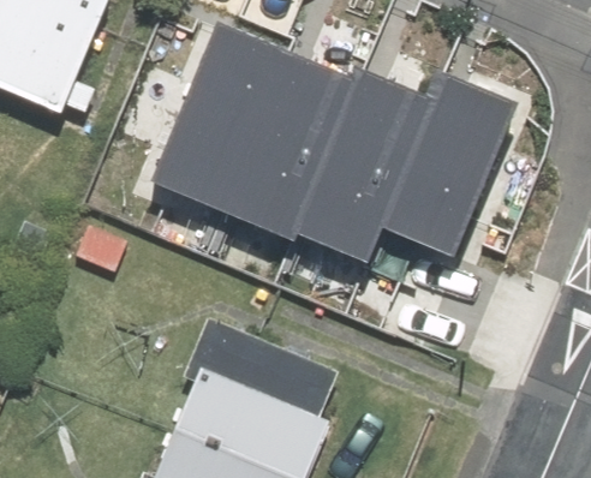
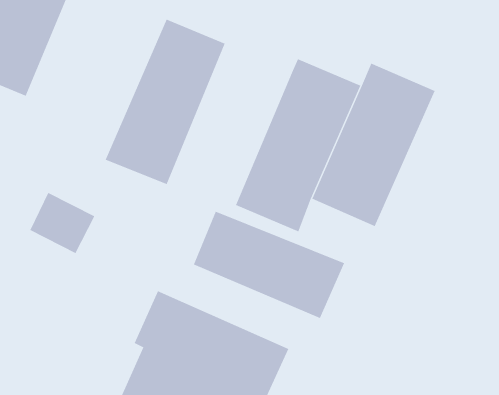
building: [219,52,358,240] -> none
building: none -> [193,211,345,319]

